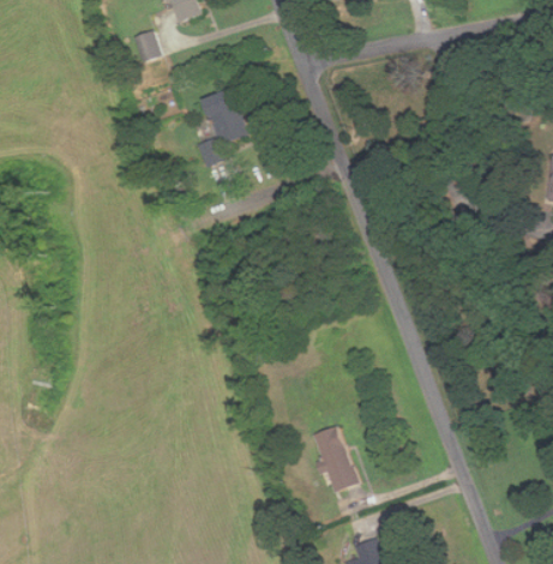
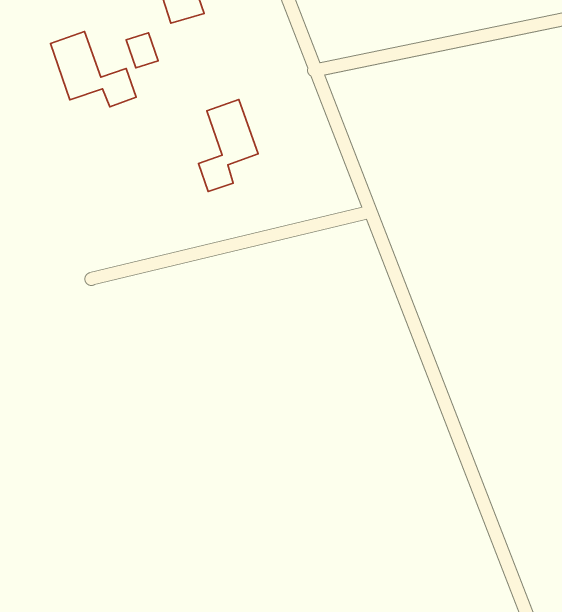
building: none -> [50,31,136,107]
building: [311,424,356,491] -> none

